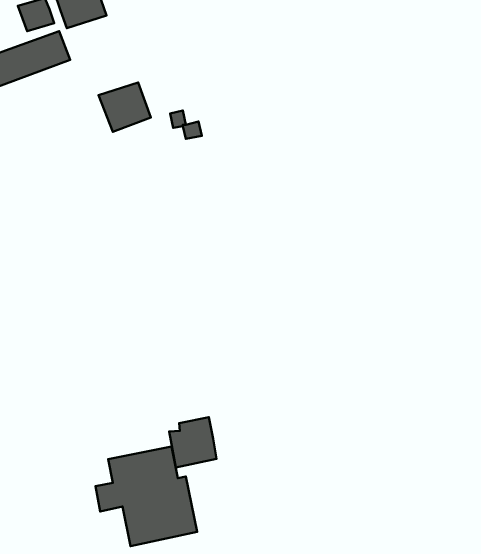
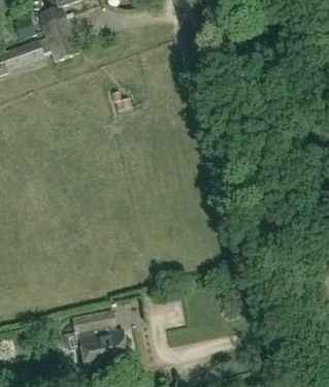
building: [98,83,151,132] -> [44,28,78,60]
building: [169,417,217,468] -> none

